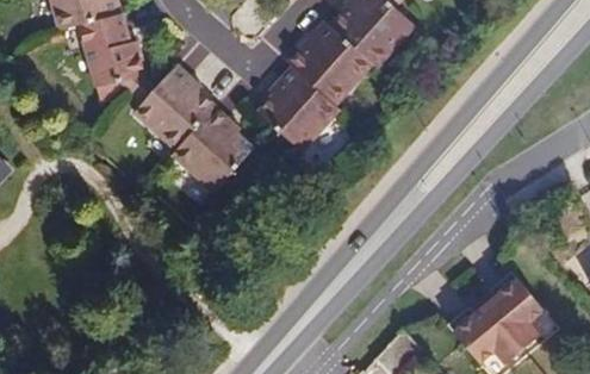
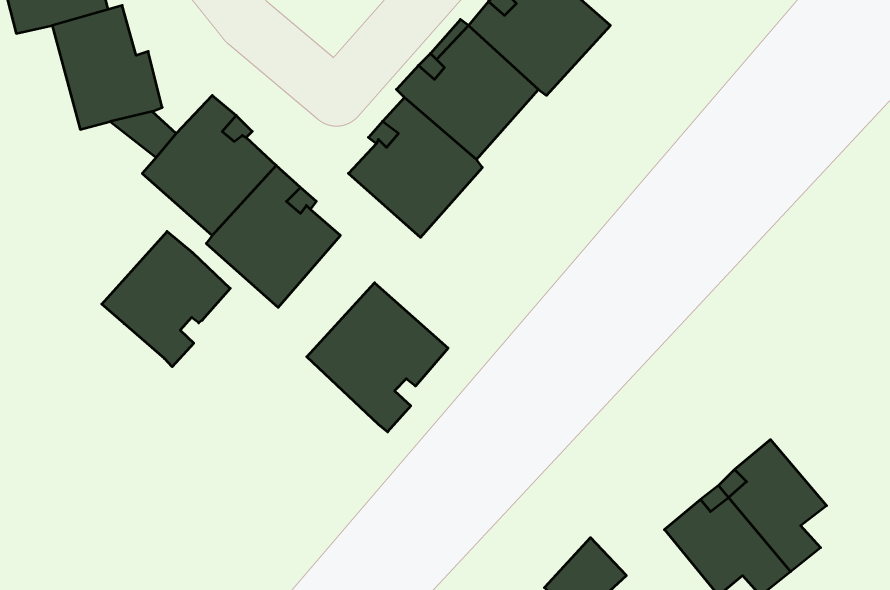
building: none -> [102,231,230,367]
building: none -> [307,283,448,432]

